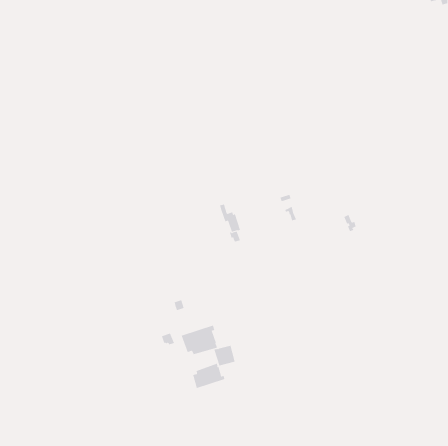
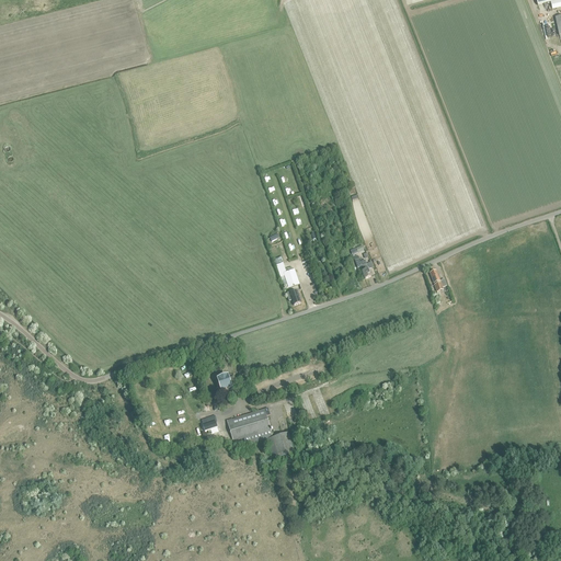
building: [192,363,225,389] -> none

